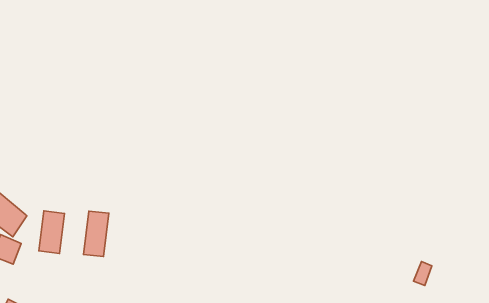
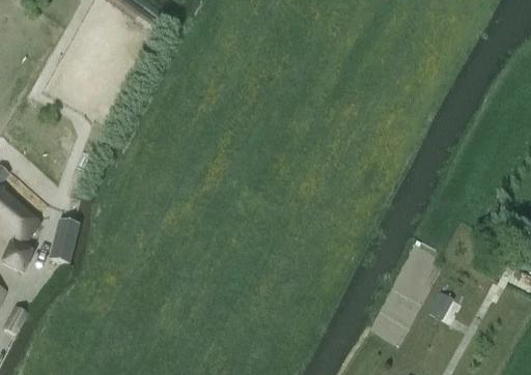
building: [83,211,109,256] -> none

